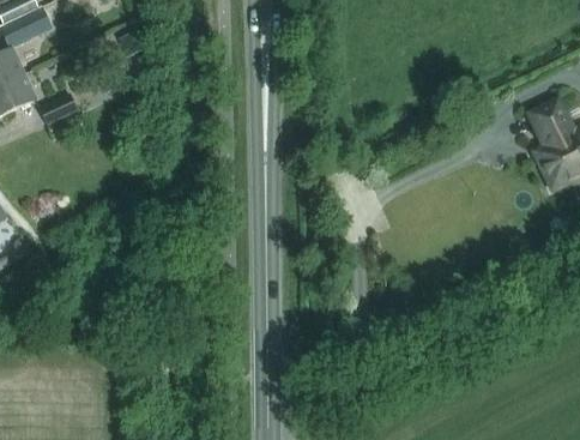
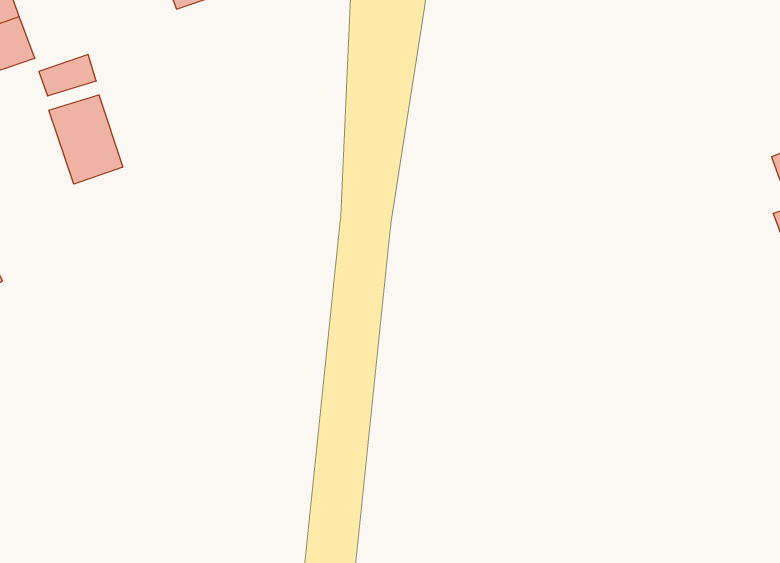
building: none -> [49,95,123,184]

